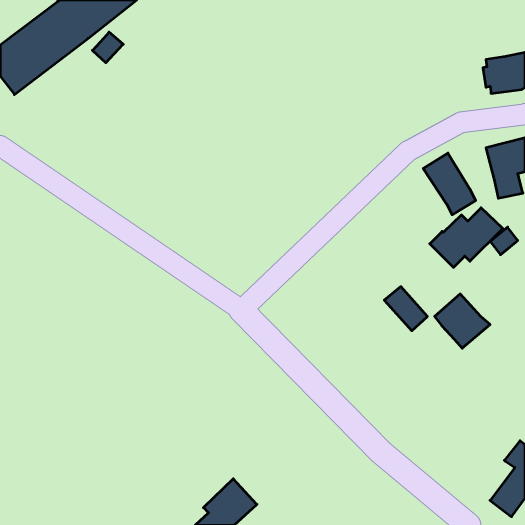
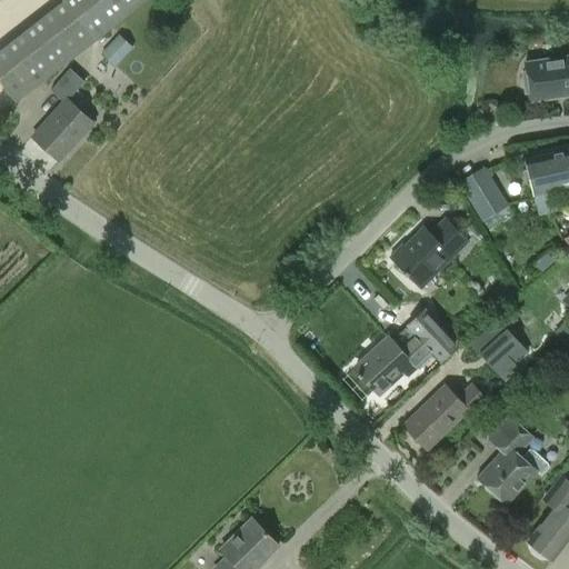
building: none -> [33,68,93,161]
building: [430,208,503,267] -> [390,219,469,283]
building: none -> [355,330,436,393]
building: none -> [405,385,486,449]
building: none -> [479,413,550,503]

